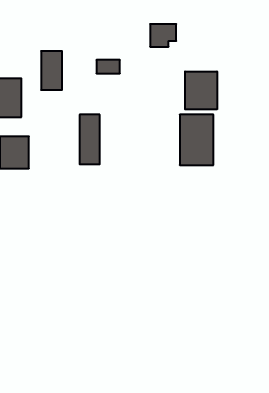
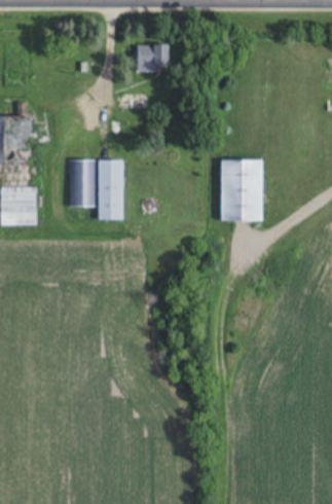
building: [150,24,176,47] -> [138,44,170,72]
building: [41,51,62,90] -> [70,159,96,207]
building: [185,71,217,109] -> none

